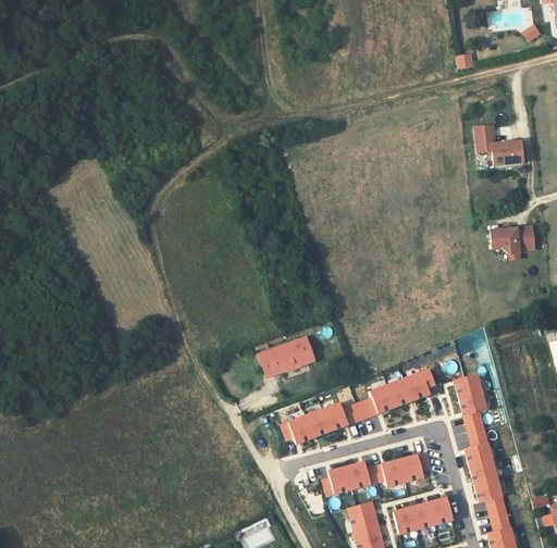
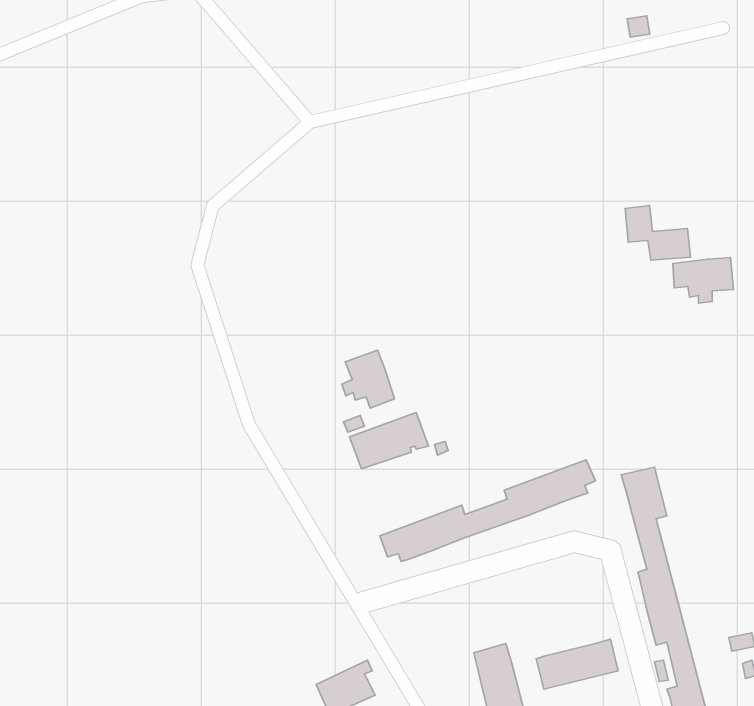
building: [475,124,522,163] -> [625,206,690,260]
building: none -> [342,350,394,408]
building: [322,453,429,496] -> none

